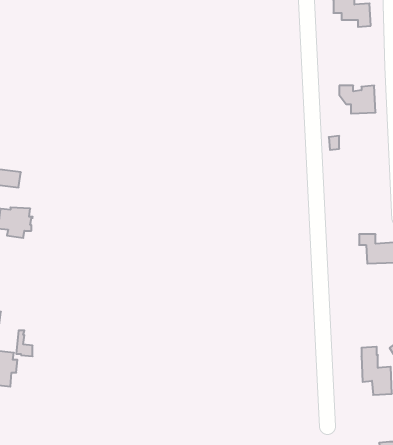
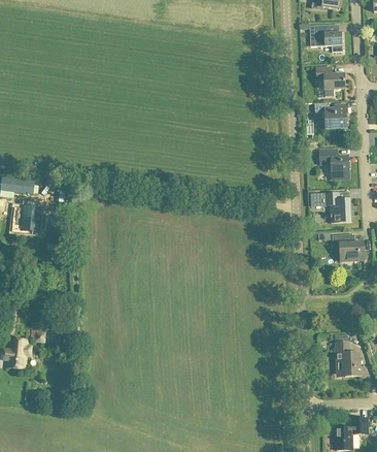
building: none -> [315,66,344,96]
building: none -> [318,149,348,179]
building: none -> [309,192,350,223]

